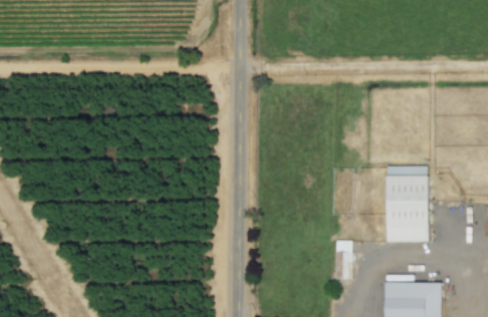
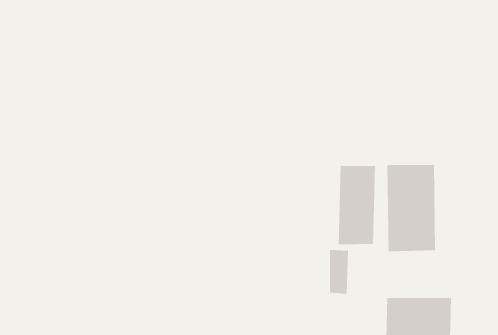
building: none -> [338,165,376,245]

